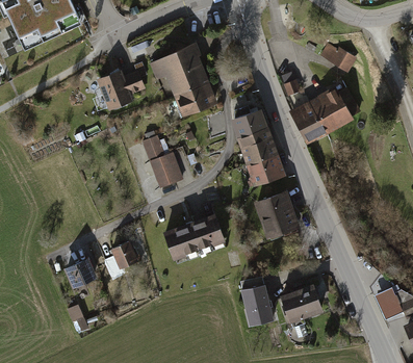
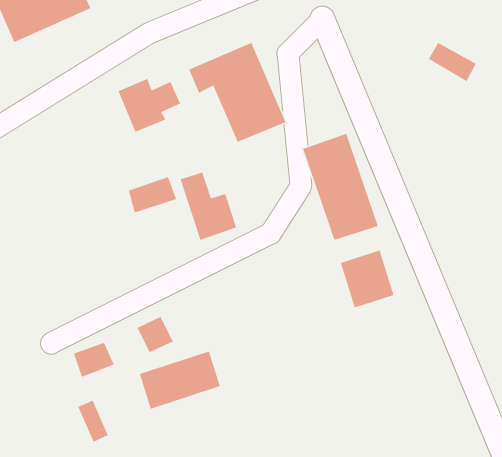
building: [289,82,359,142] -> none
building: none -> [128,176,177,213]
building: [164,216,224,259] -> [139,351,221,410]
building: [239,278,273,327] -> none
building: [280,286,318,320] -> none

